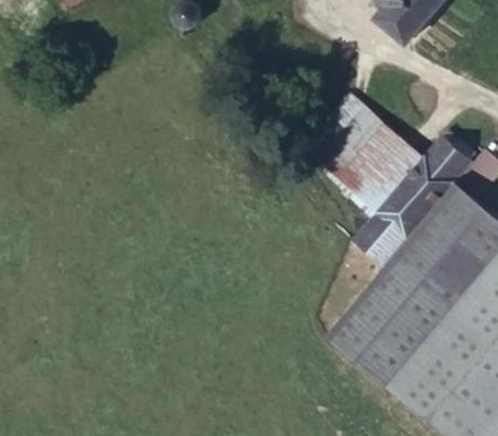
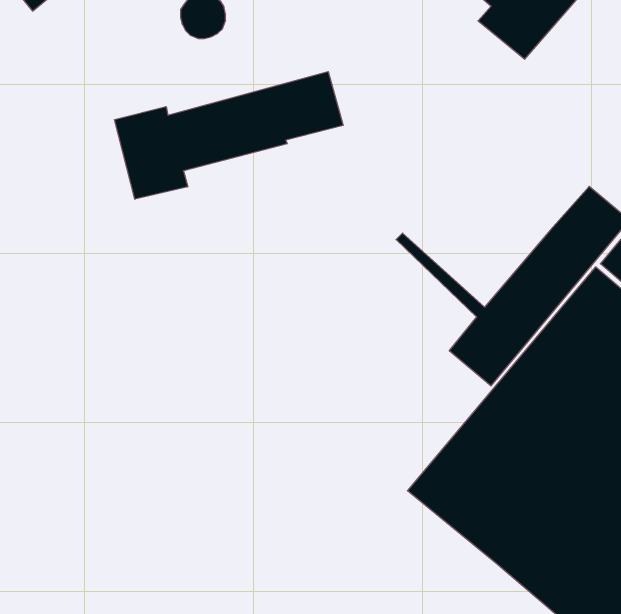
building: none -> [115,72,343,199]
building: [308,97,425,213] -> none

